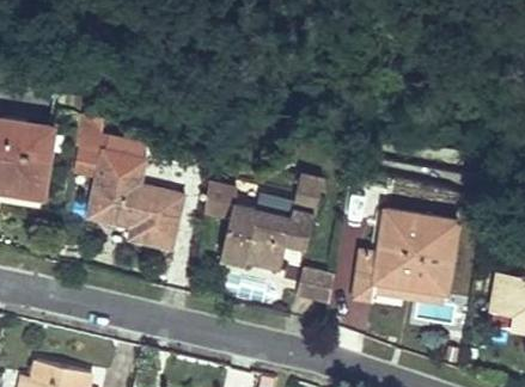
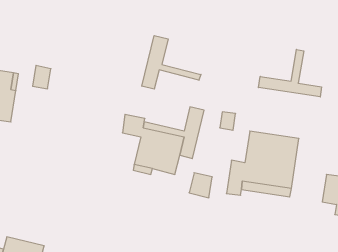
building: none -> [142,36,201,89]
building: none -> [258,49,321,97]
building: [88,152,183,248] -> none

